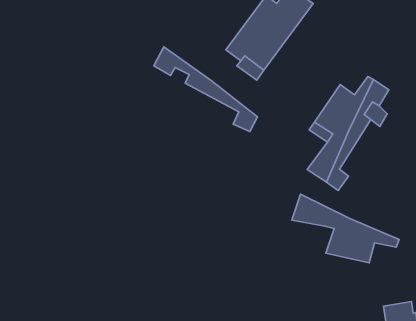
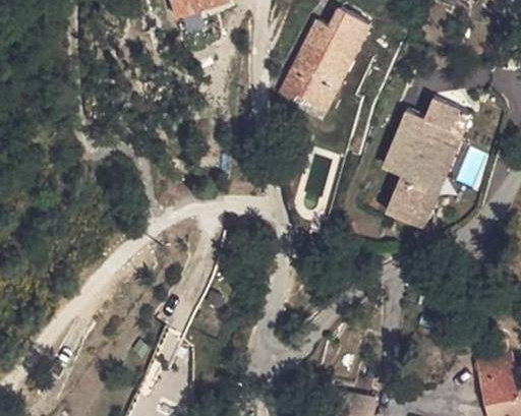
building: [154,47,258,132] -> none
building: [292,194,399,263] -> none

